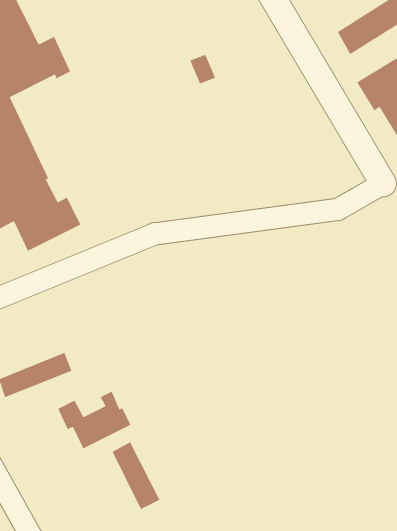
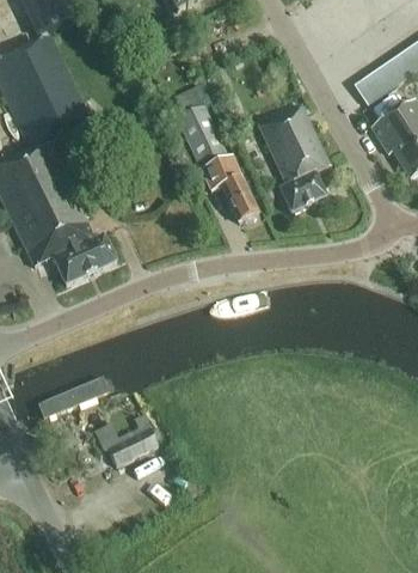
building: none -> [178,103,258,221]
building: none -> [258,105,330,213]
building: [112,441,160,510] -> none

